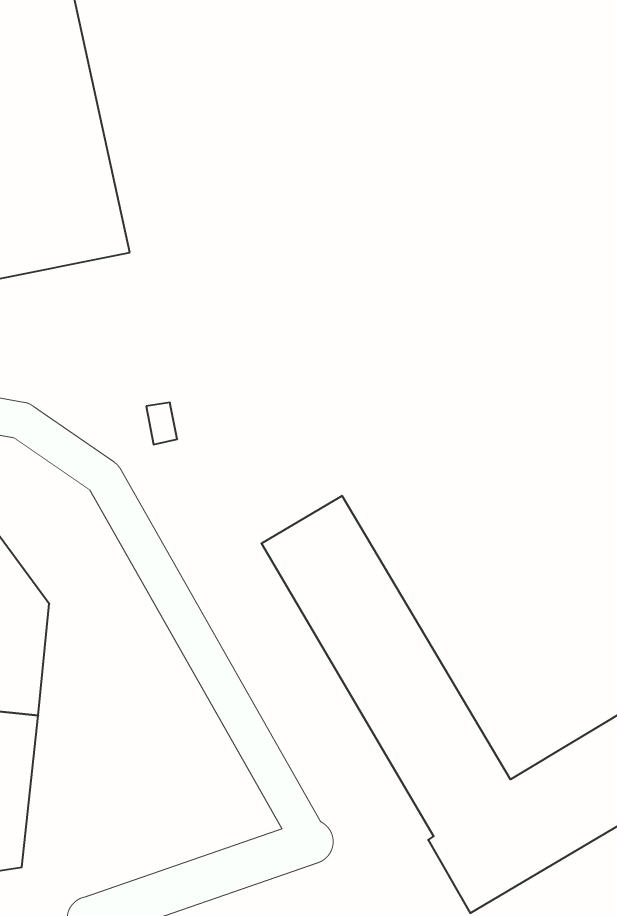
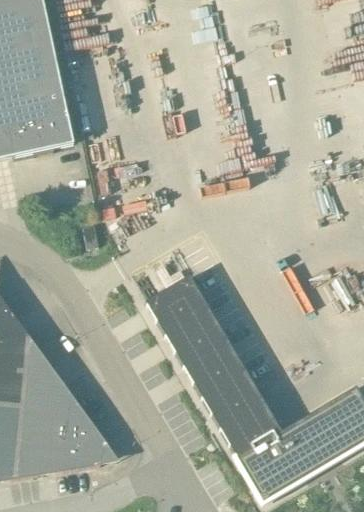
building: none -> [14,335,108,479]

